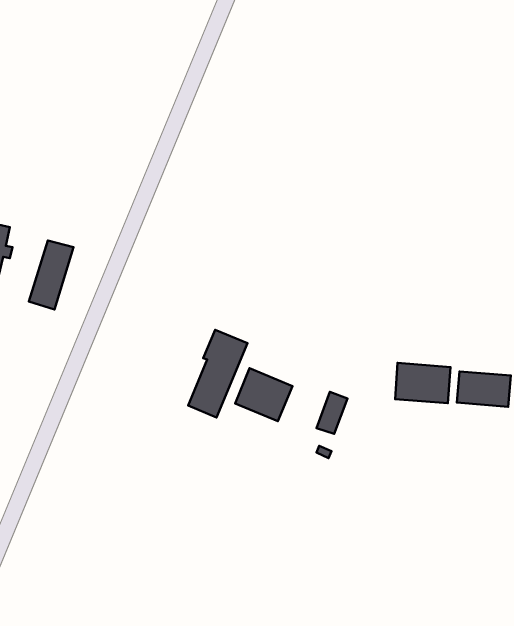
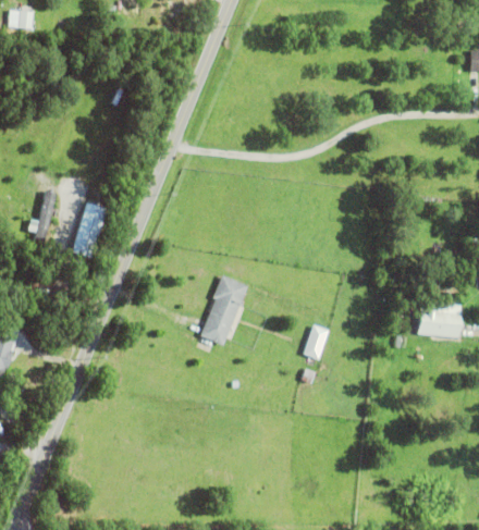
building: [395,363,450,403] -> none
building: [235,368,292,421] -> none

